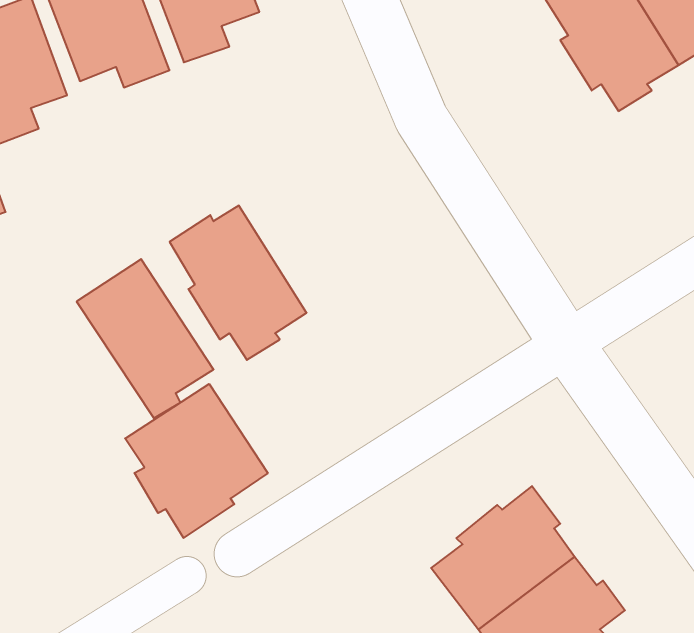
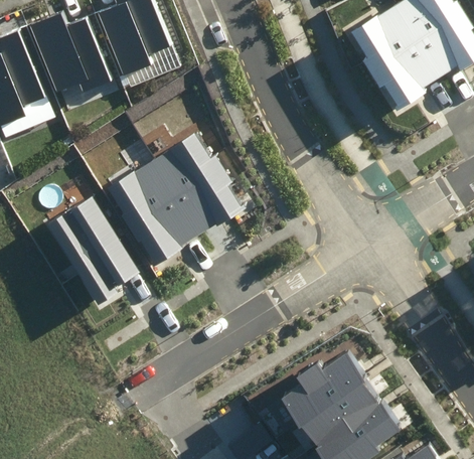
building: none -> [155,138,249,235]
building: [125,384,268,538] -> none

